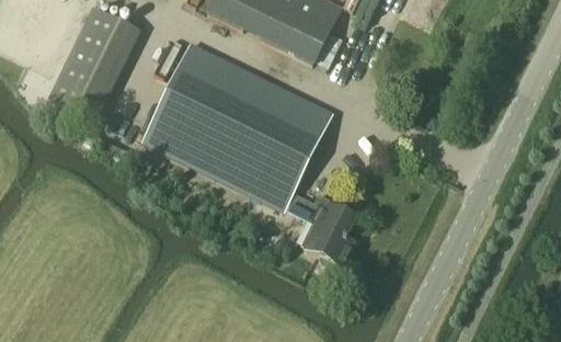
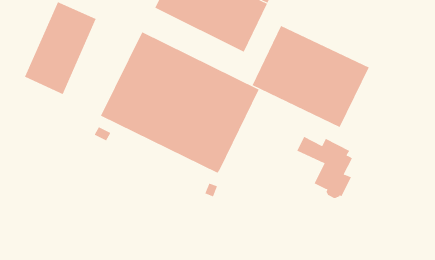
building: none -> [252,25,370,128]
building: [285,192,353,267] -> [297,136,353,199]

